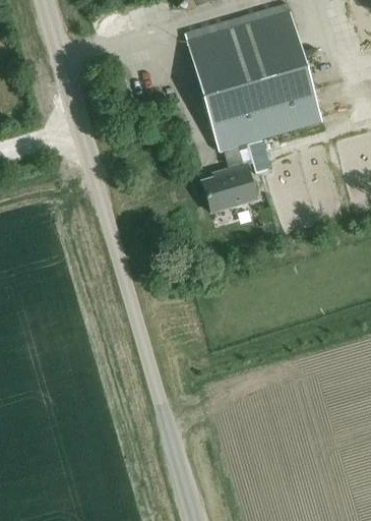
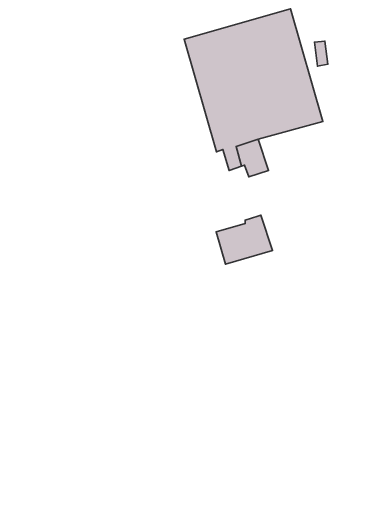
building: [202,162,257,210] -> [216,215,272,264]

